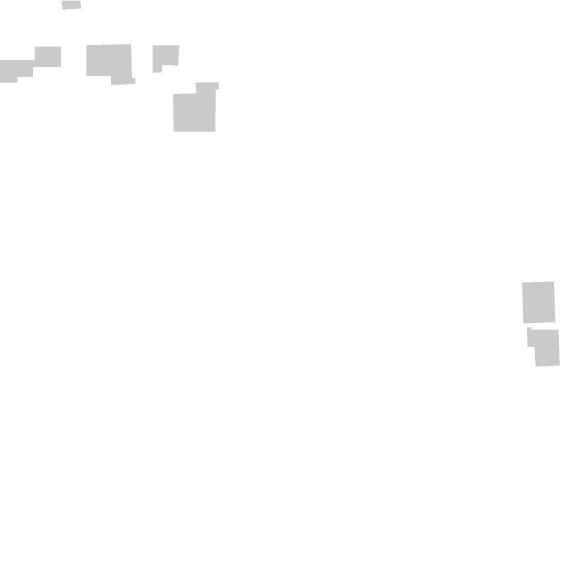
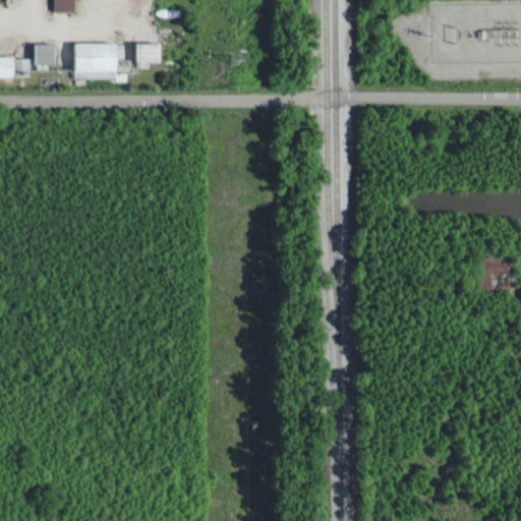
building: [172,81,219,133] -> none
building: [527,326,560,368] -> none

